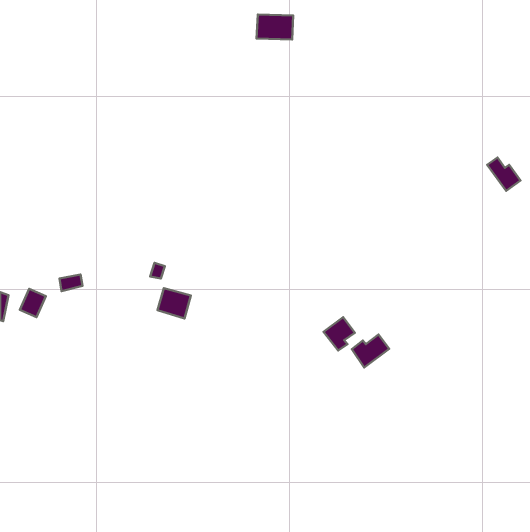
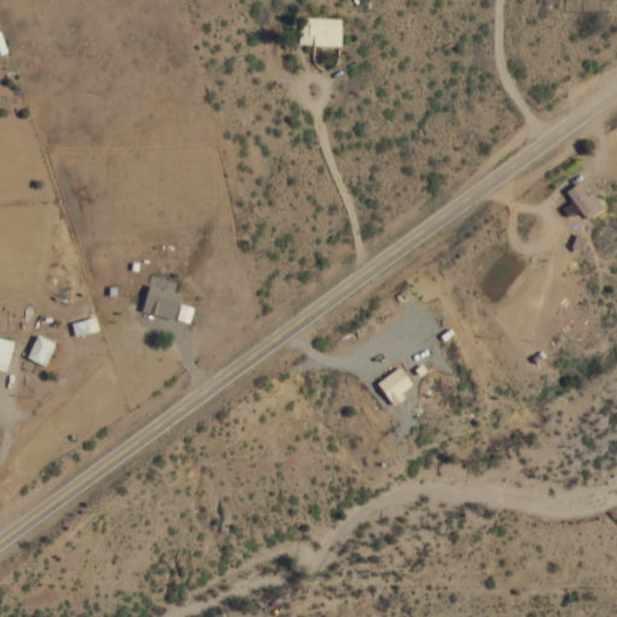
building: [157,288,191,318] -> [142,284,181,319]
building: [352,335,389,367] -> none

